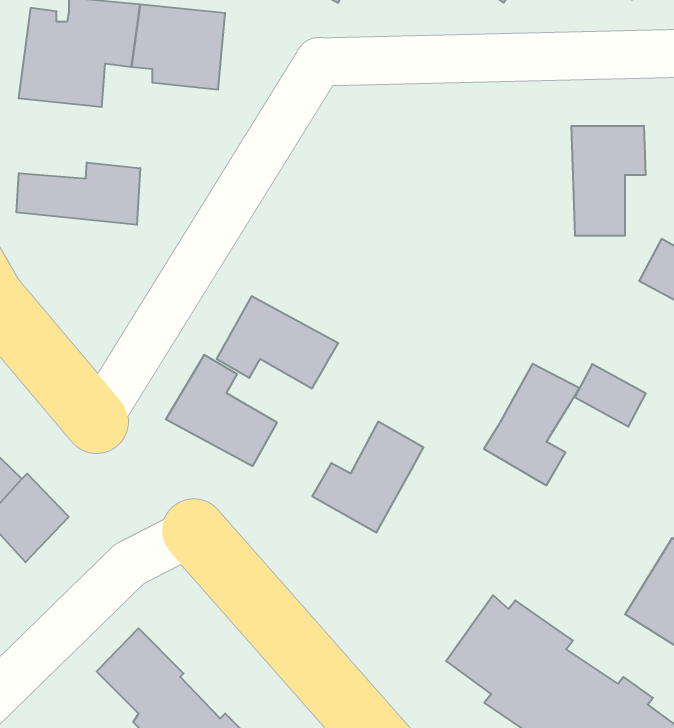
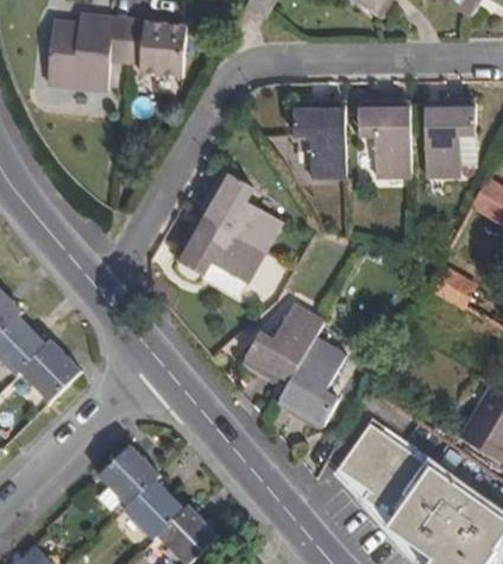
building: none -> [359,104,410,178]
building: none -> [293,105,345,178]
building: [16,162,140,225] -> none
building: [166,355,277,466] -> [205,175,281,251]
building: [484,364,579,485] -> [281,338,346,421]

